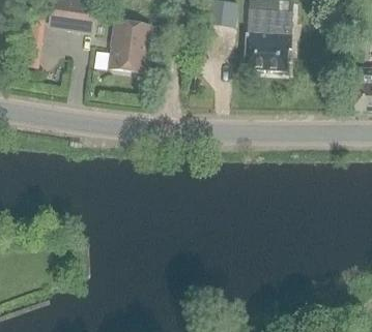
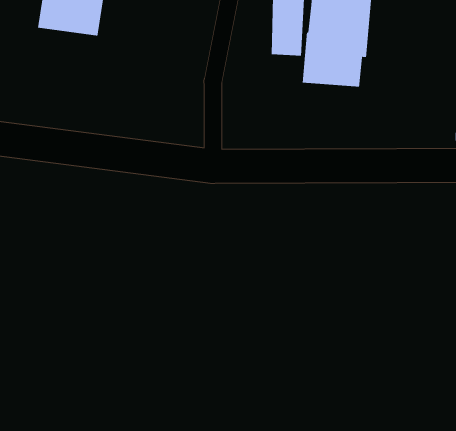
building: [109,20,147,69] -> none

